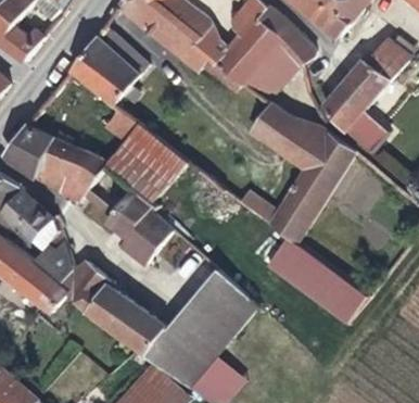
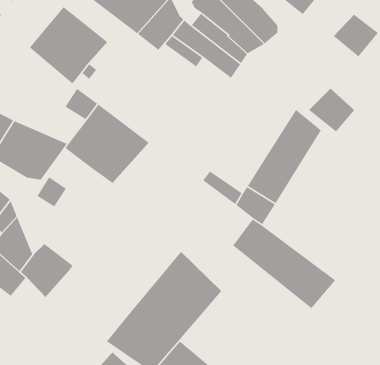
building: [320,56,390,130] -> none
building: [249,102,329,168] -> none
building: [105,188,174,264] -> none
building: [86,285,167,355] -> none

